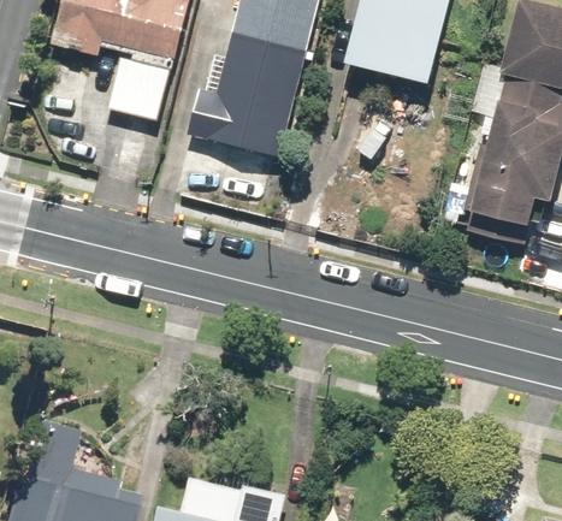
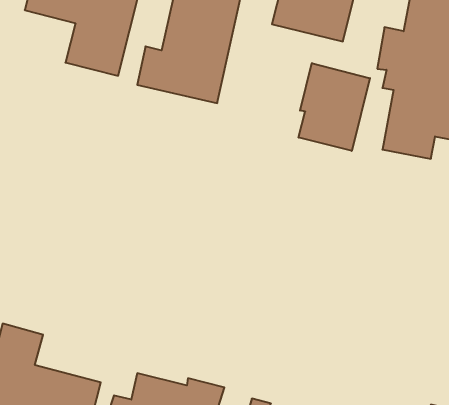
building: none -> [299,63,370,151]

